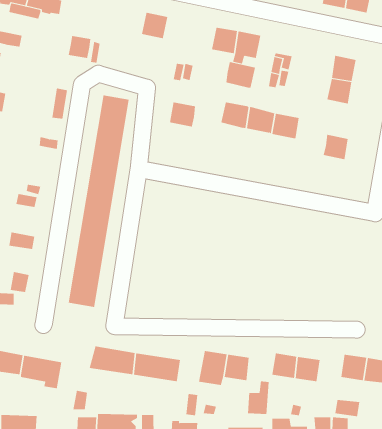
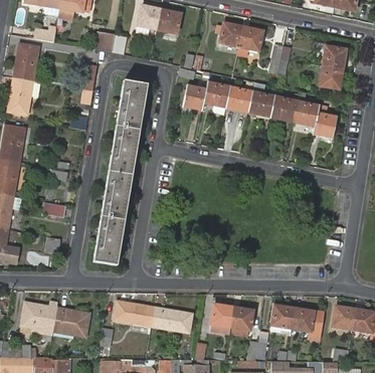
building: none -> [138,7,162,30]
building: [226,62,256,88] -> [204,83,230,107]
building: none -> [292,103,320,127]

